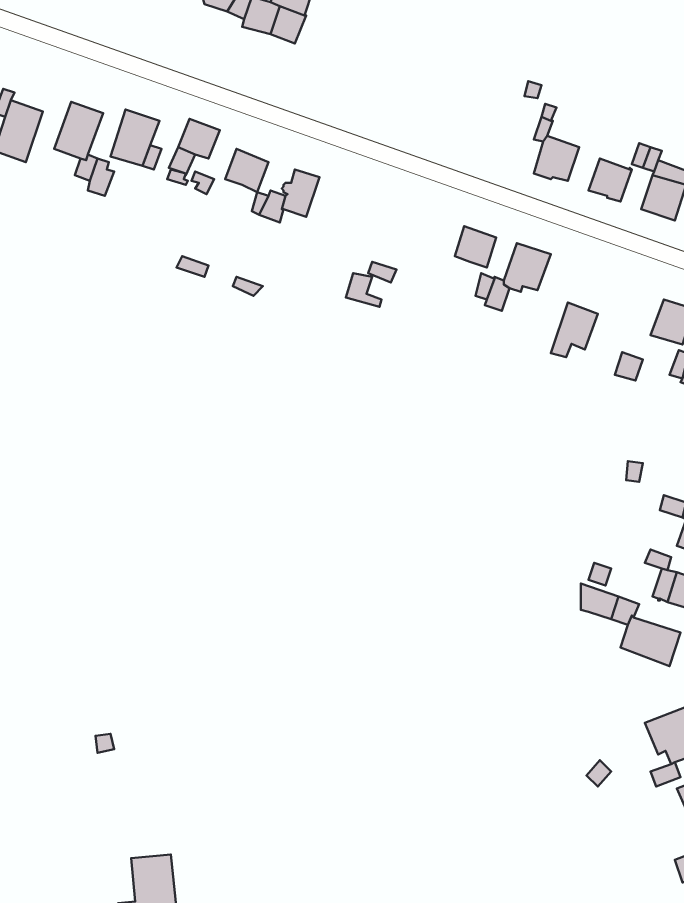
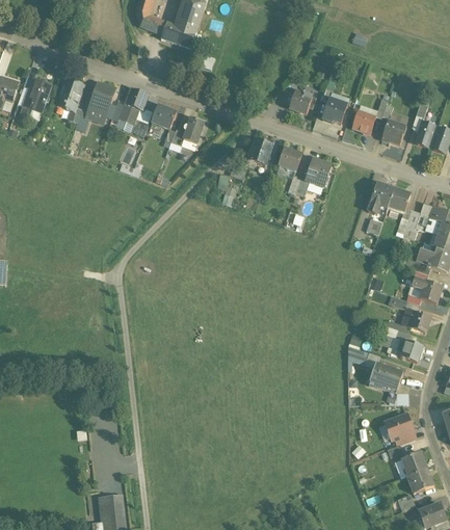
building: none -> [288,89,315,113]
building: none -> [248,138,272,164]
building: [551,303,598,357] -> [368,182,394,212]

